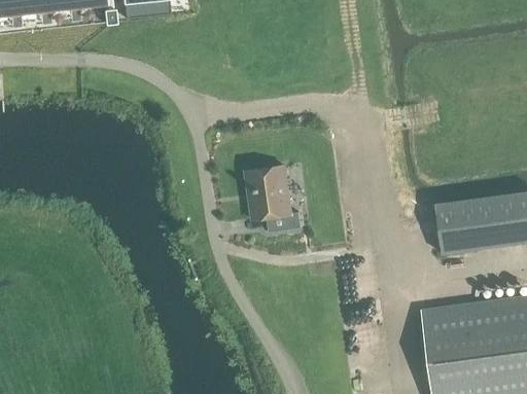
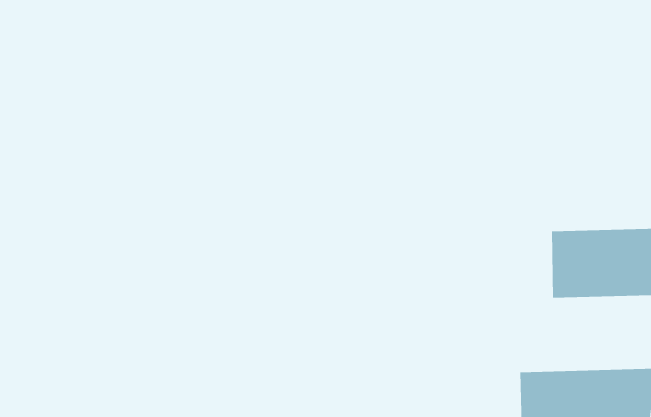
building: [245,166,302,231] -> none

